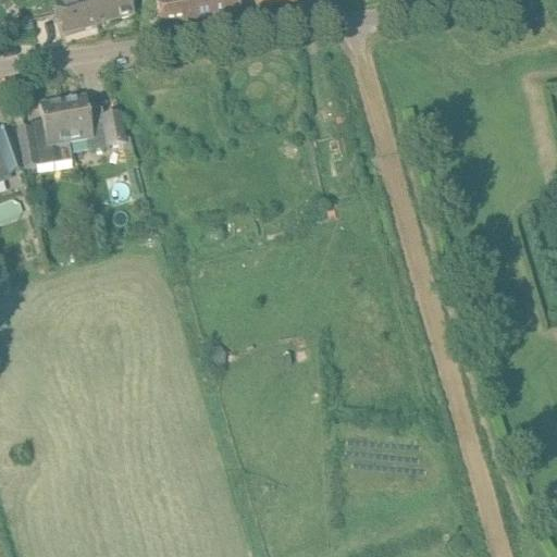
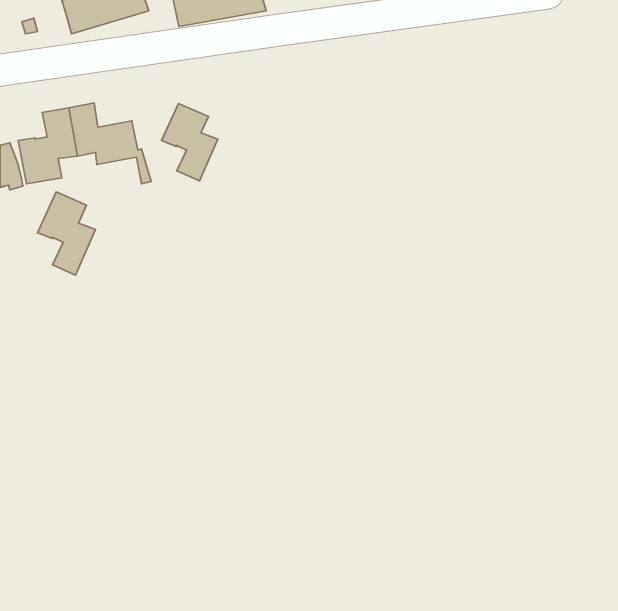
building: none -> [161,103,218,181]
building: none -> [38,192,95,275]

